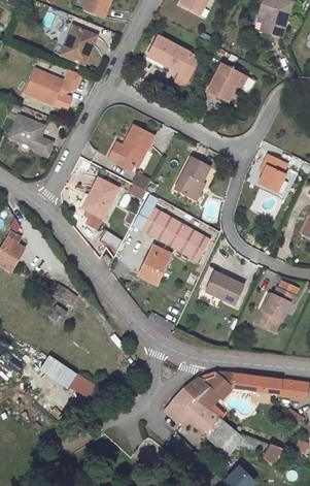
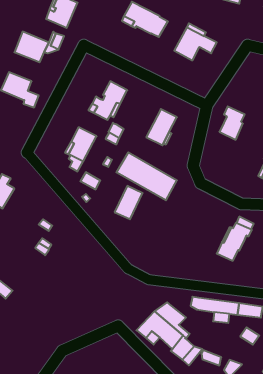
building: [206,271,243,303] -> none
building: [40,353,101,400] -> none
building: [199,370,233,397] -> none

